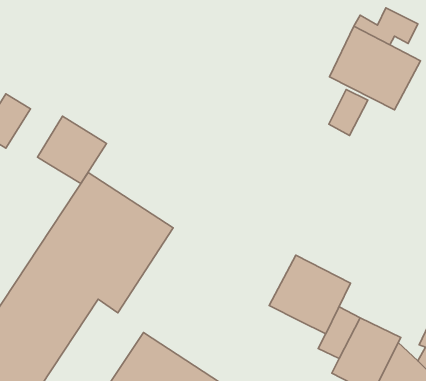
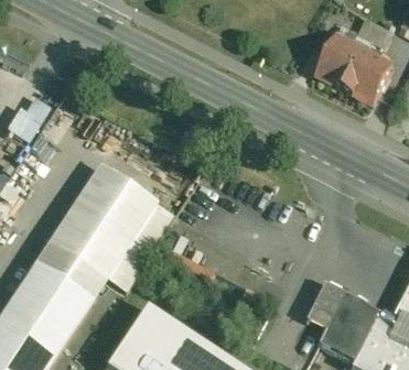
building: [329,90,368,135] -> none
building: [37,116,107,184] -> none
building: [269,255,351,334] -> none

